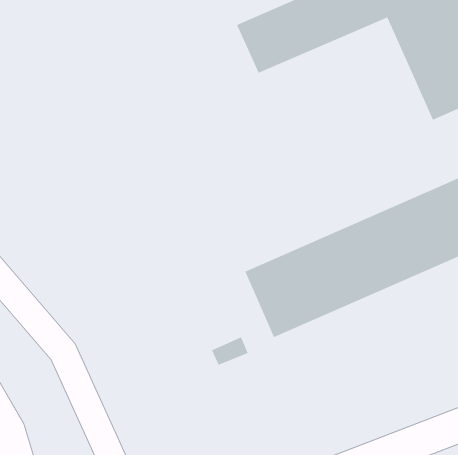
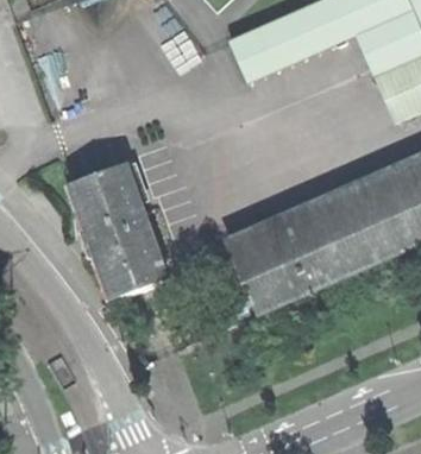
building: none -> [71,162,169,298]

